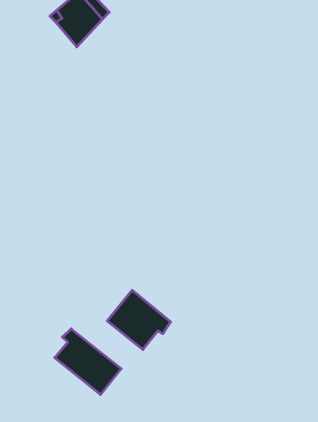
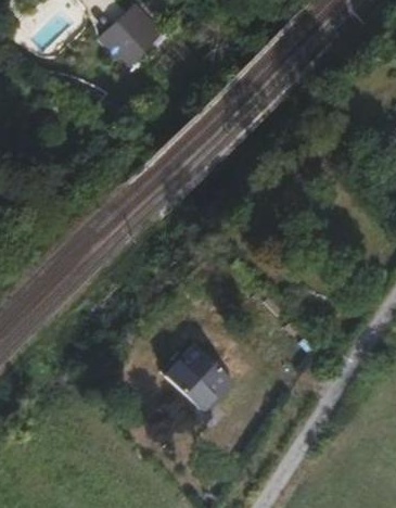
building: [55,329,121,395] -> none

